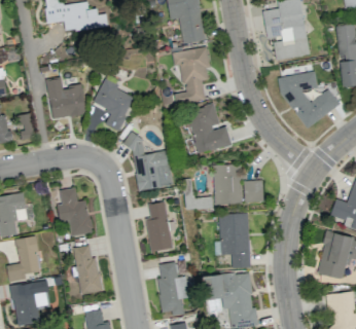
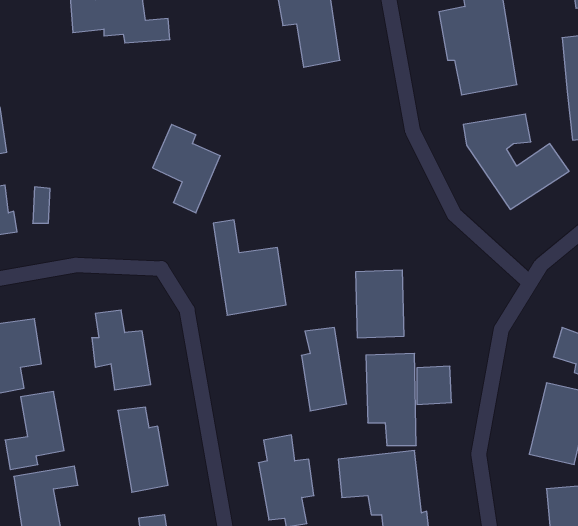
building: [172,47,210,105] -> none
building: [46,79,85,119] -> none
building: [187,105,232,153] -> none
building: [244,180,264,203] -> [417,366,452,404]
building: [146,203,173,252] -> [301,328,347,411]

